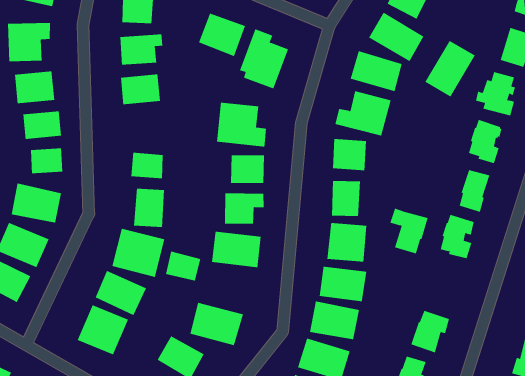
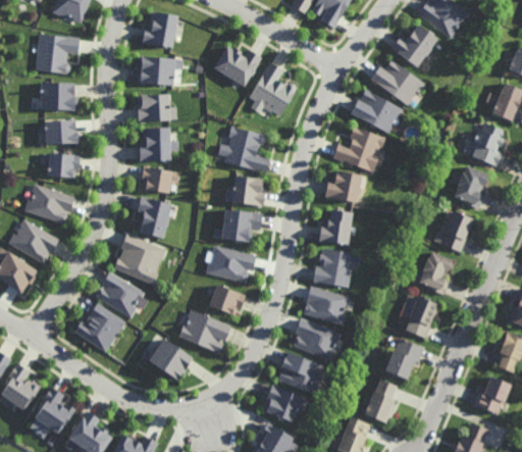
building: [425,40,475,97] -> none
building: none -> [142,128,170,161]
building: [389,208,429,254] -> [402,293,438,338]
building: [165,251,201,281] -> [209,286,244,316]

